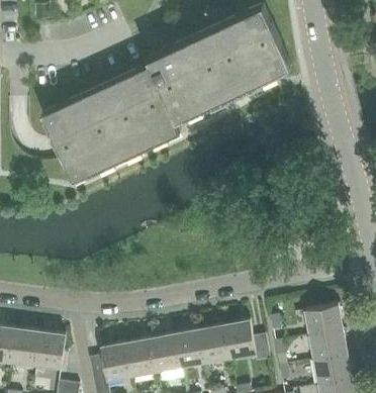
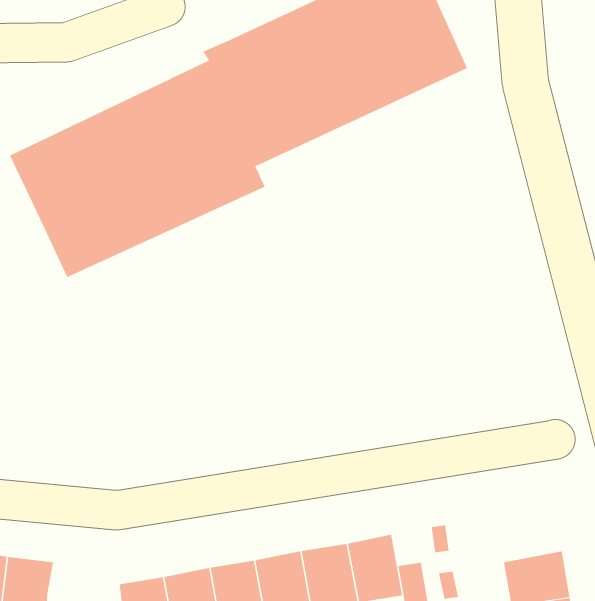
building: [304,303,342,334] -> none

